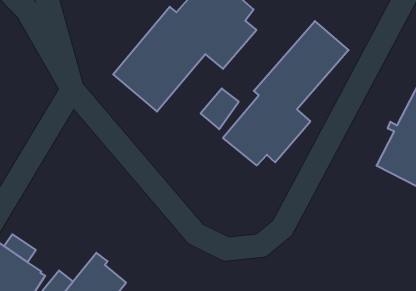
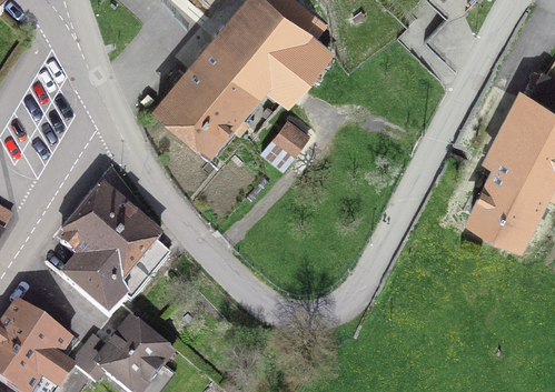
building: [223,21,349,165] -> none
building: none -> [59,191,168,318]

